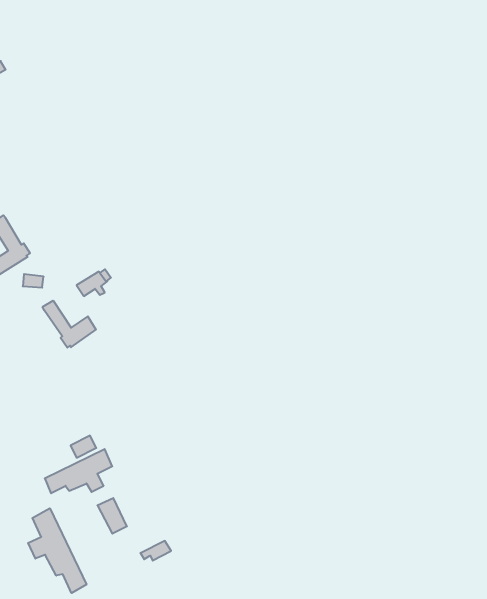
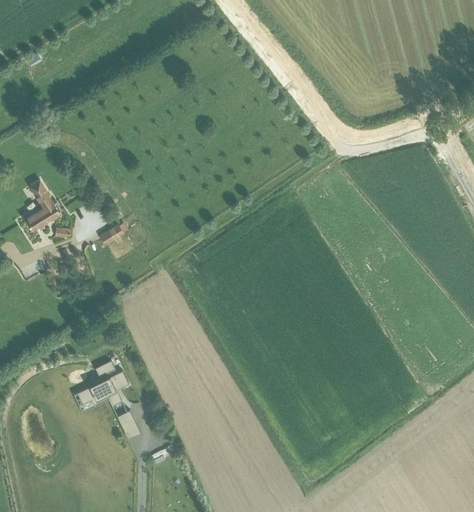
building: [43,301,96,348] -> none
building: [28,508,86,593] -> none

